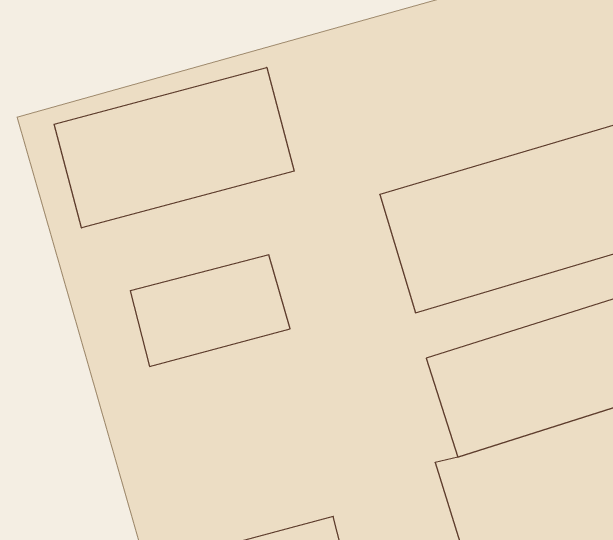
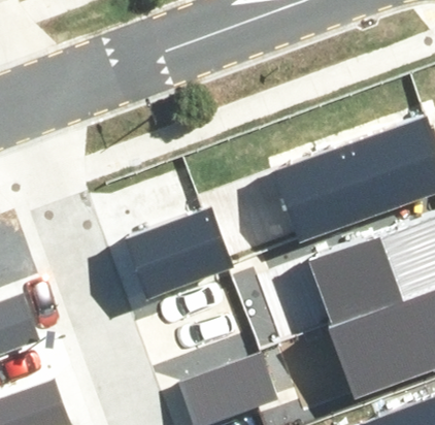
building: [54,67,294,228] -> none

